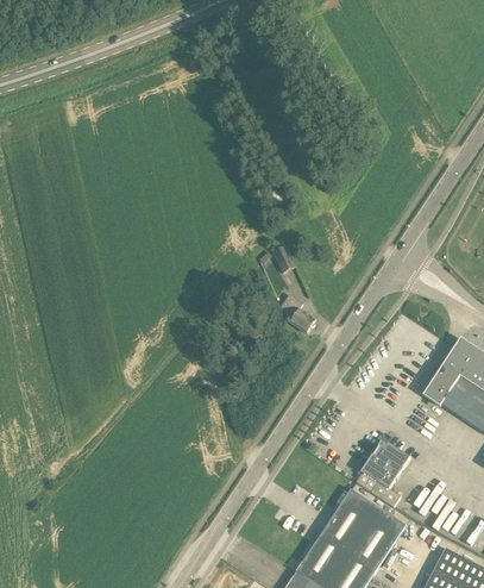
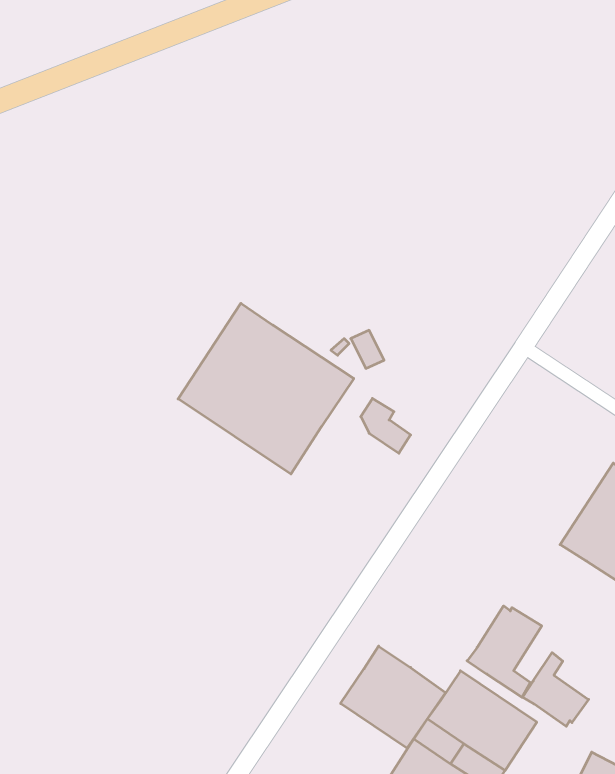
building: none -> [178,303,354,474]
building: none -> [341,646,445,748]
building: none -> [522,653,589,726]

